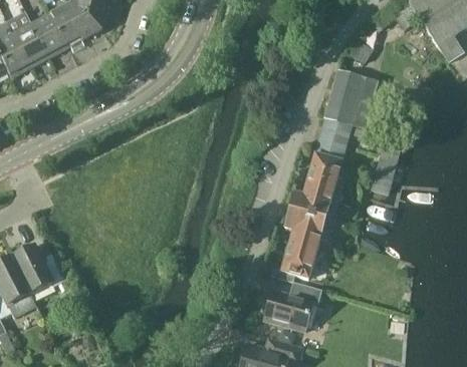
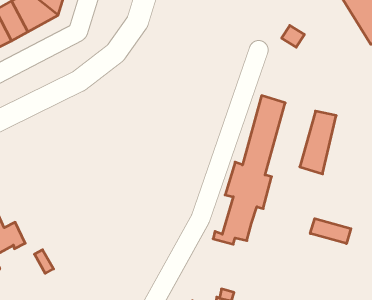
building: [324,70,377,129] -> none
building: none -> [310,219,351,244]
building: [264,281,322,329] -> none

